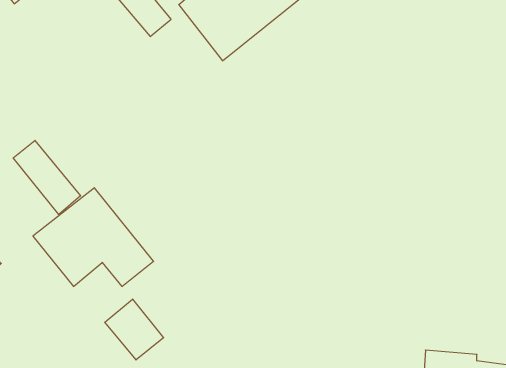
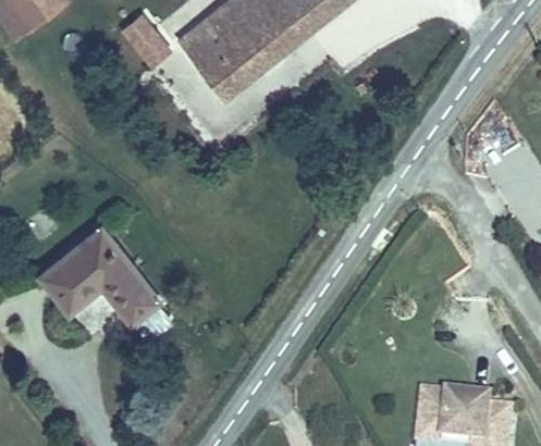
building: [13,140,81,215] -> none
building: [105,299,164,360] -> none

